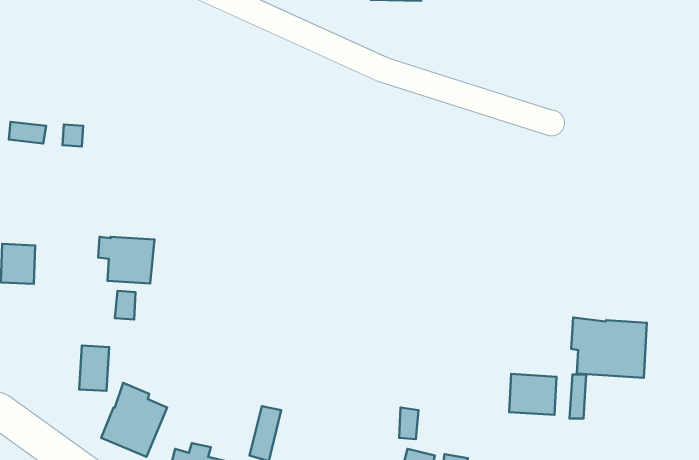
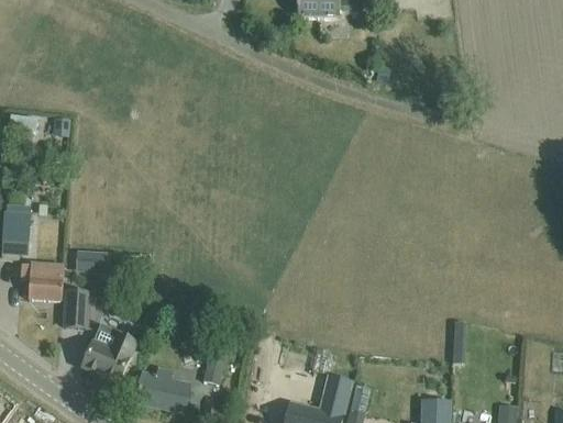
building: [98,237,154,284] -> [20,263,65,300]
building: [571,317,647,378] -> none
building: [509,374,557,415] -> none

